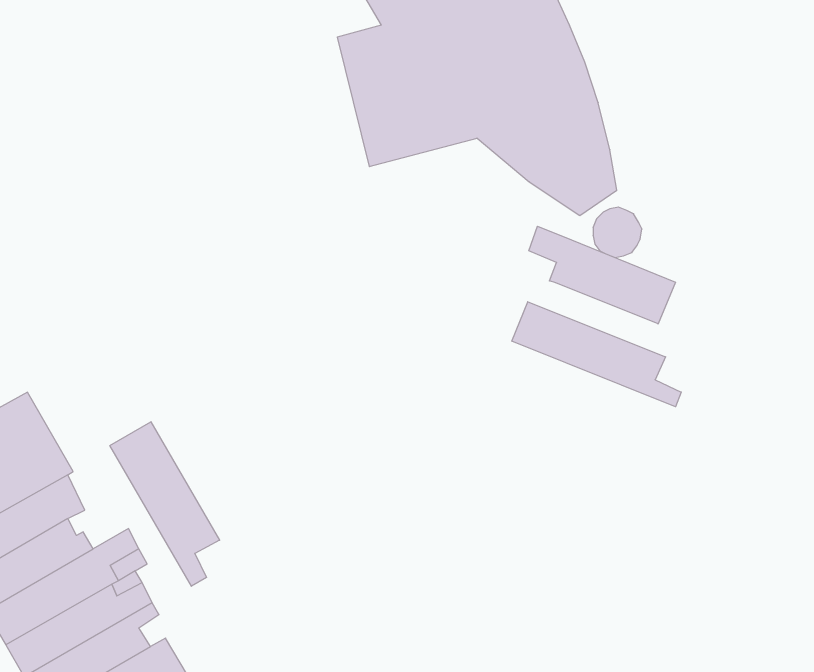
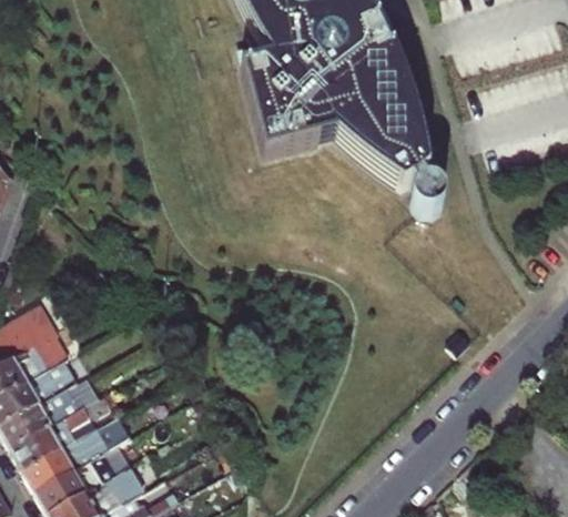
building: [529,226,676,324] -> none
building: [512,302,681,407] -> none
building: [110,422,220,586] -> none

